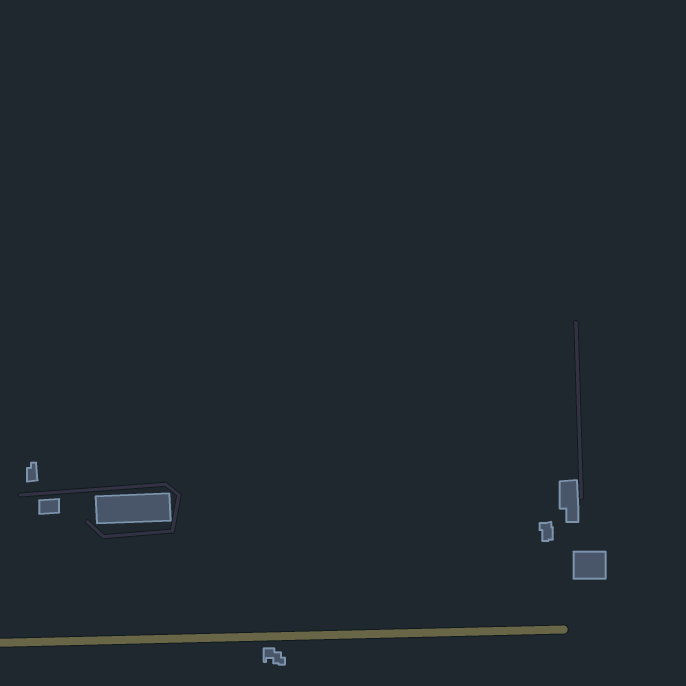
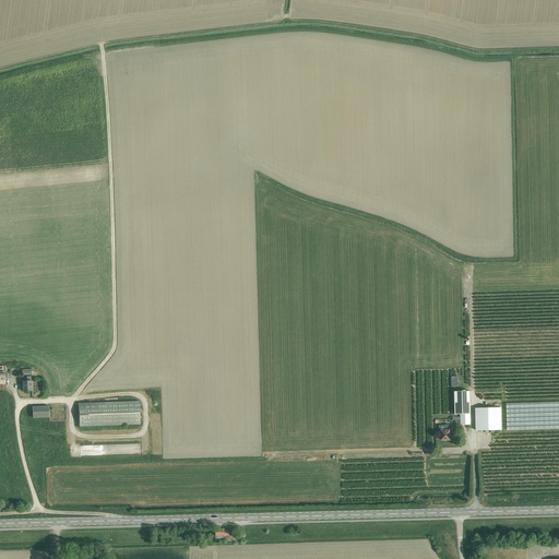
building: [573,552,606,579] -> [475,407,501,429]

